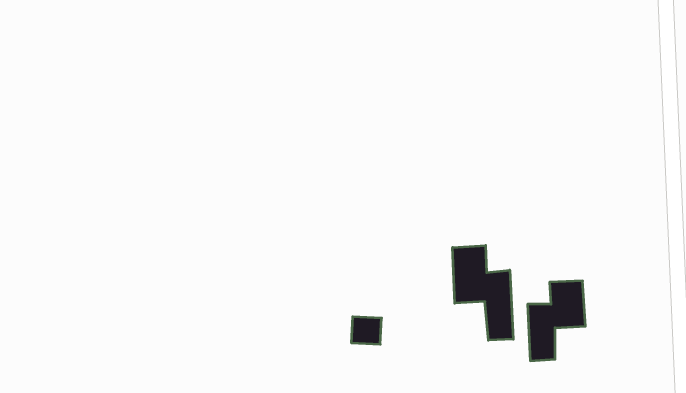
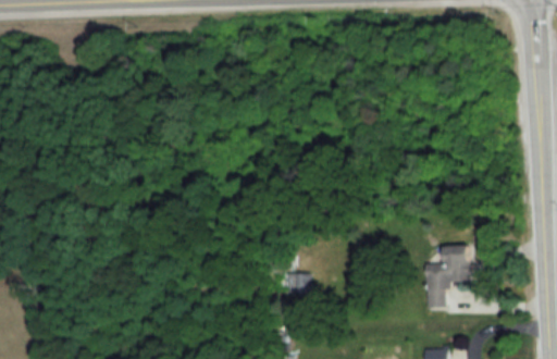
building: [453,245,513,340] -> none

